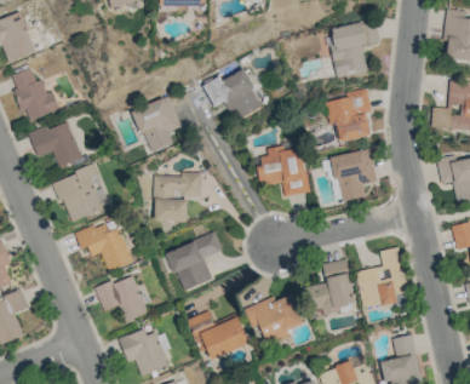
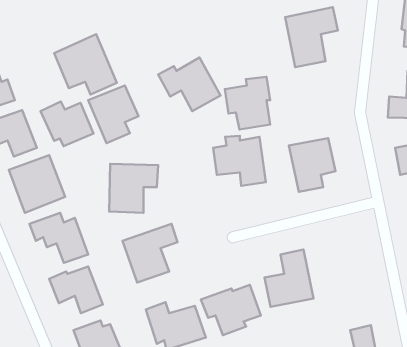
building: none -> [54,34,117,94]
building: [326,88,371,141] -> [225,77,270,129]
building: none -> [40,101,94,146]
building: [356,246,409,309] -> none

